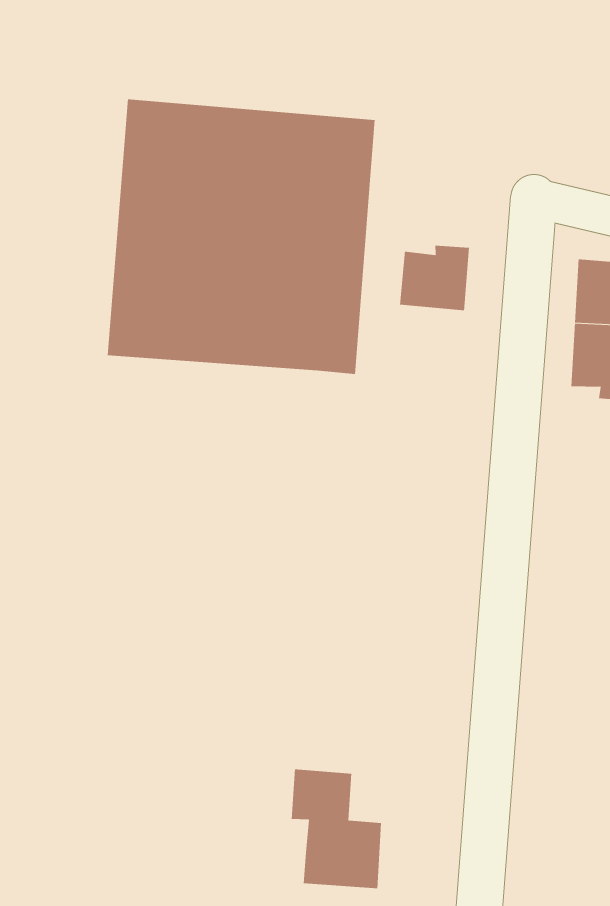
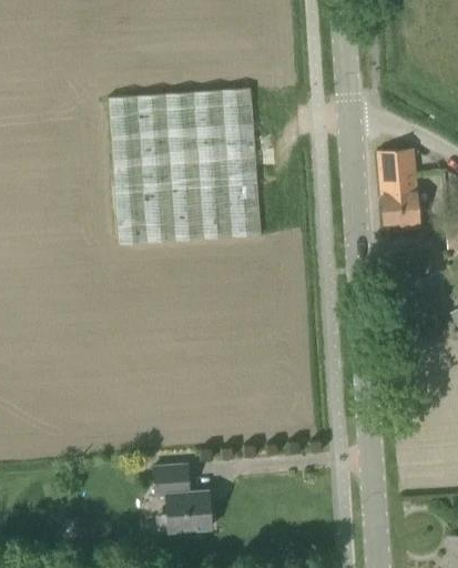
building: [399,245,470,311] -> none
building: [291,769,382,889] -> [153,465,211,531]

